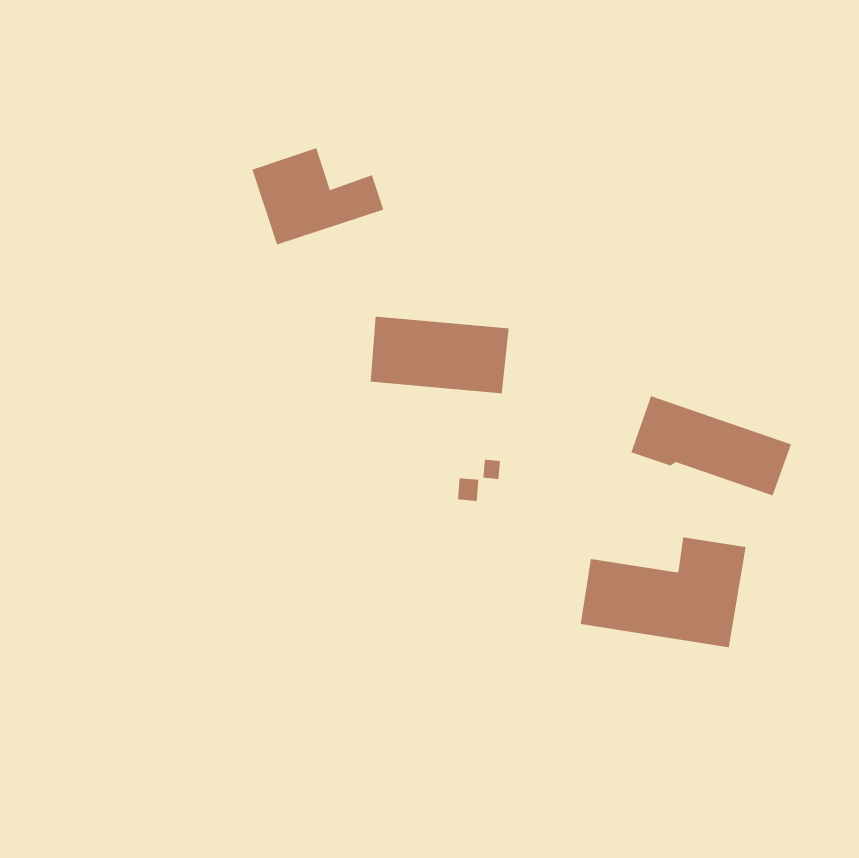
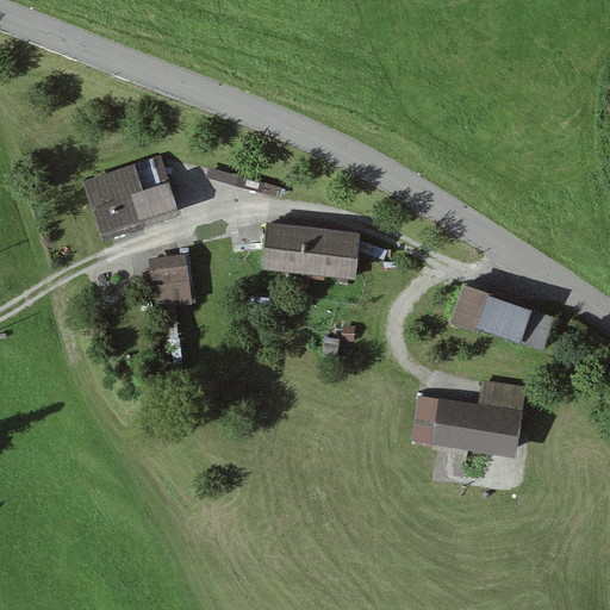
building: [251,147,384,245] -> [82,163,176,232]
building: none -> [151,257,188,303]

